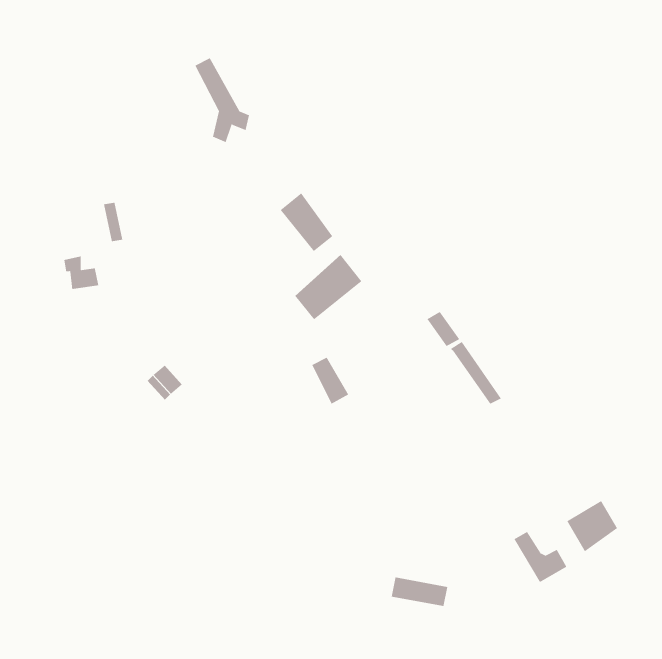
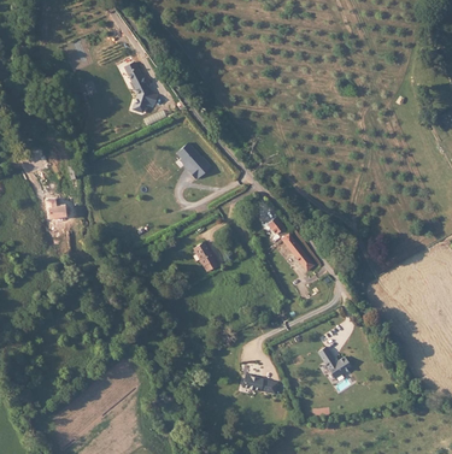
building: [294,254,362,320] -> none
building: [566,500,618,552] -> none

